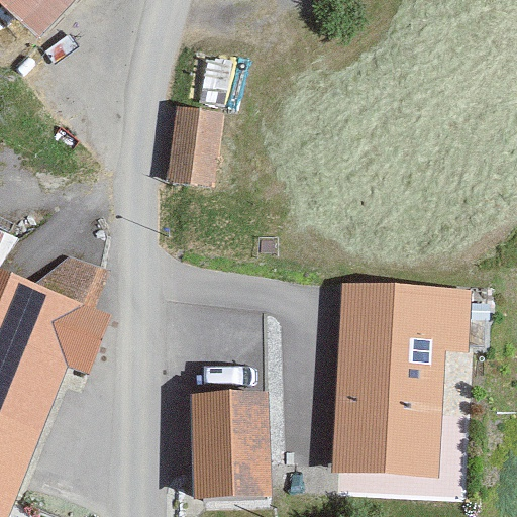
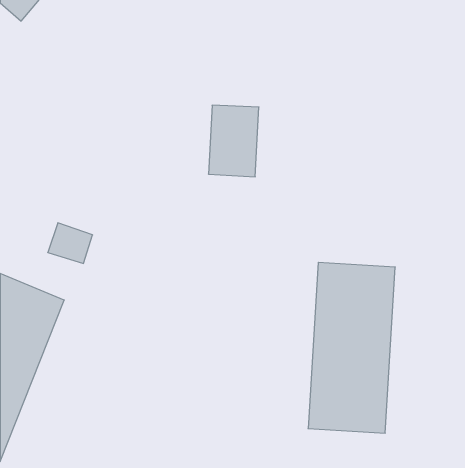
building: [175,100,230,179] -> [208,105,259,177]
building: [190,413,258,496] -> none

